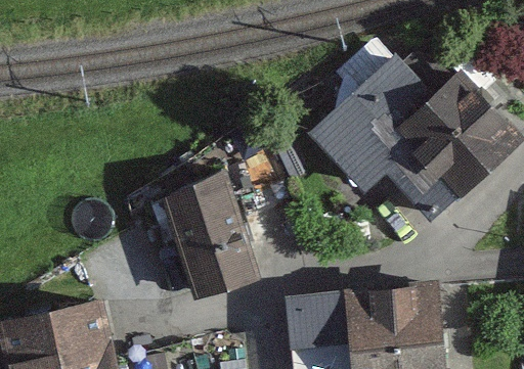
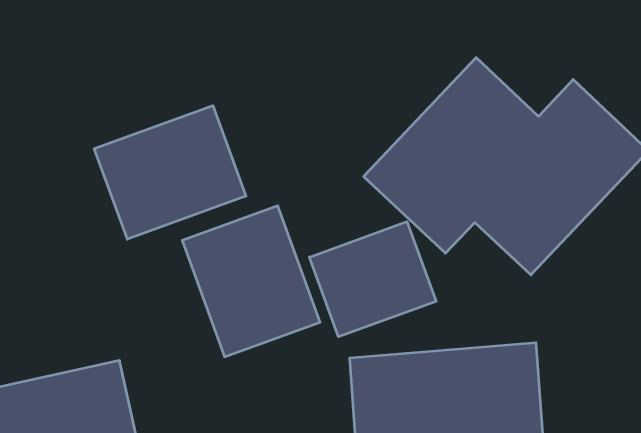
building: none -> [94,106,246,239]
building: none -> [309,222,436,337]

